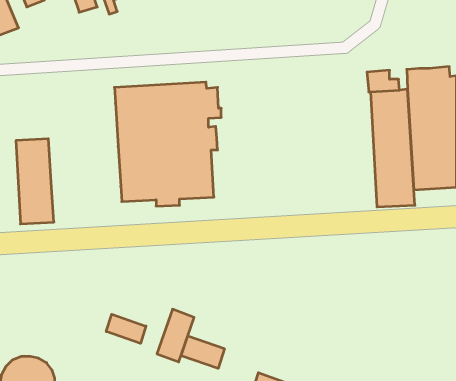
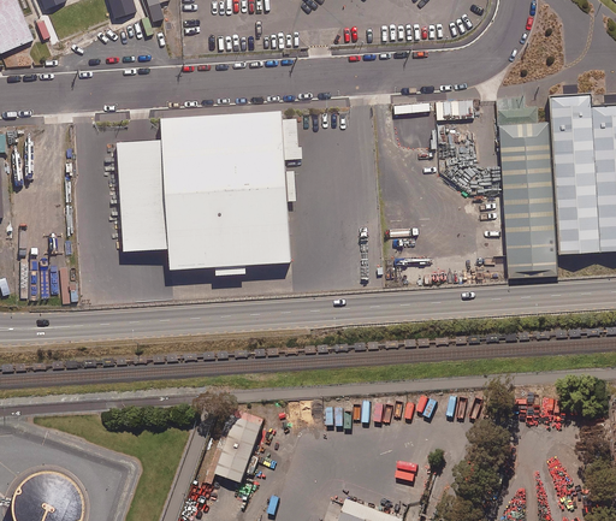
building: [16,139,54,224] -> [117,138,167,251]
building: [106,314,146,343] -> none
building: [181,336,224,368] -> none

